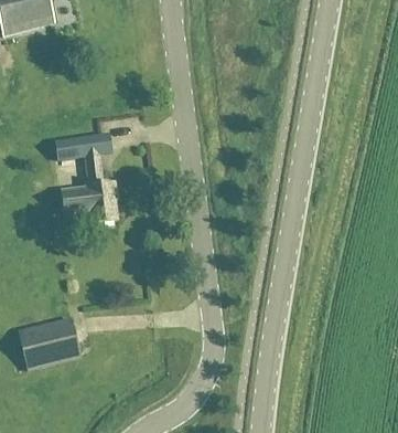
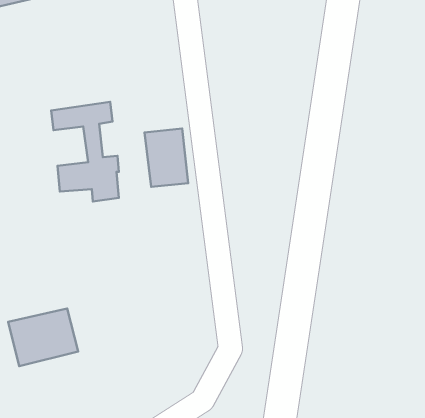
building: none -> [145,129,188,187]

